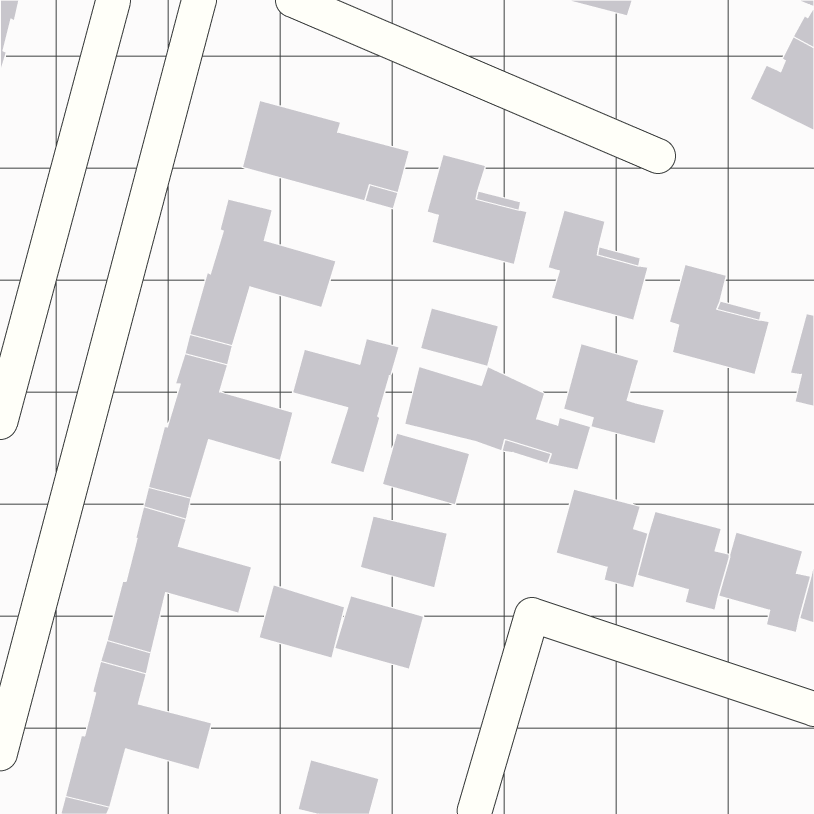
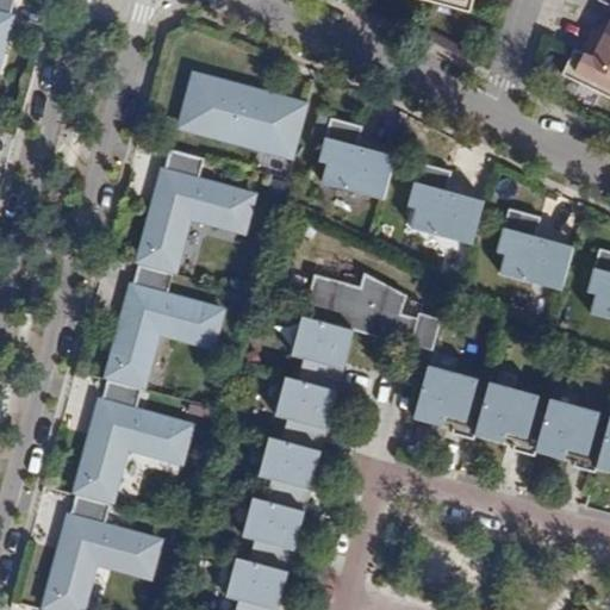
building: [420,308,498,366] -> none
building: [292,339,399,473] -> none
building: [564,343,665,444] -> none
building: [259,585,345,658] -> [235,505,299,560]

